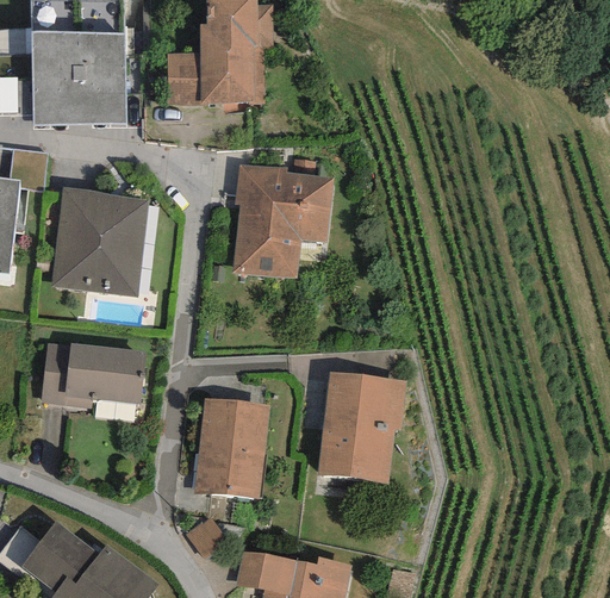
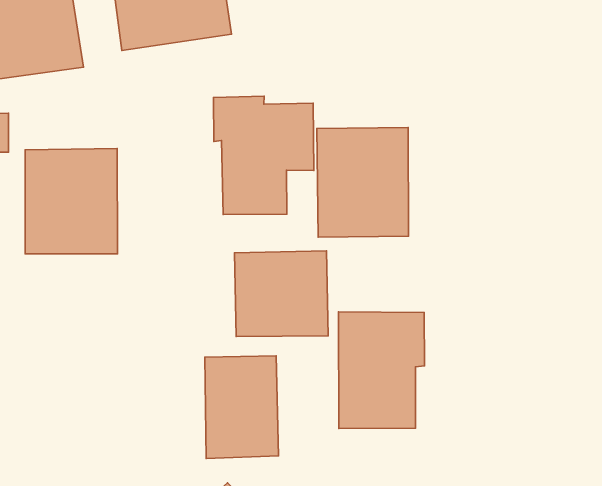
building: none -> [317,127,408,237]
building: none -> [234,251,328,337]
building: [45,343,144,409] -> none

